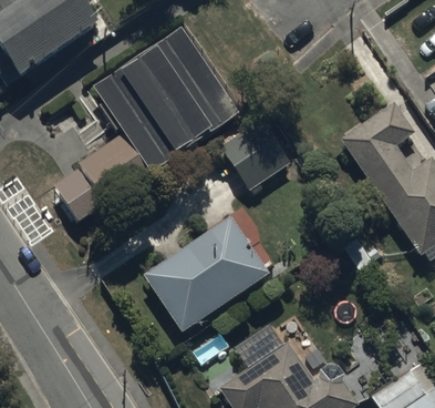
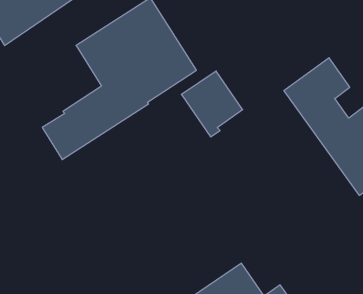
building: [144,215,270,333] -> none

